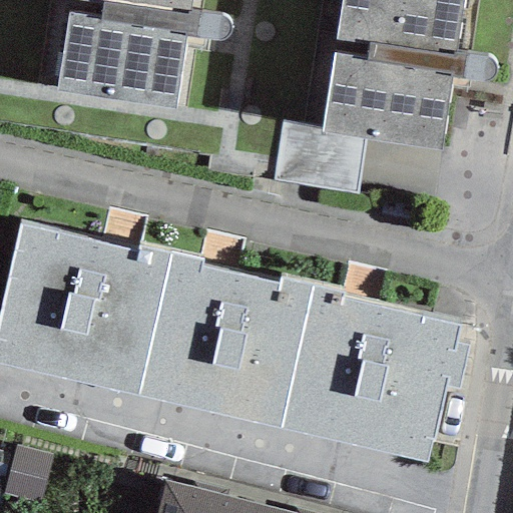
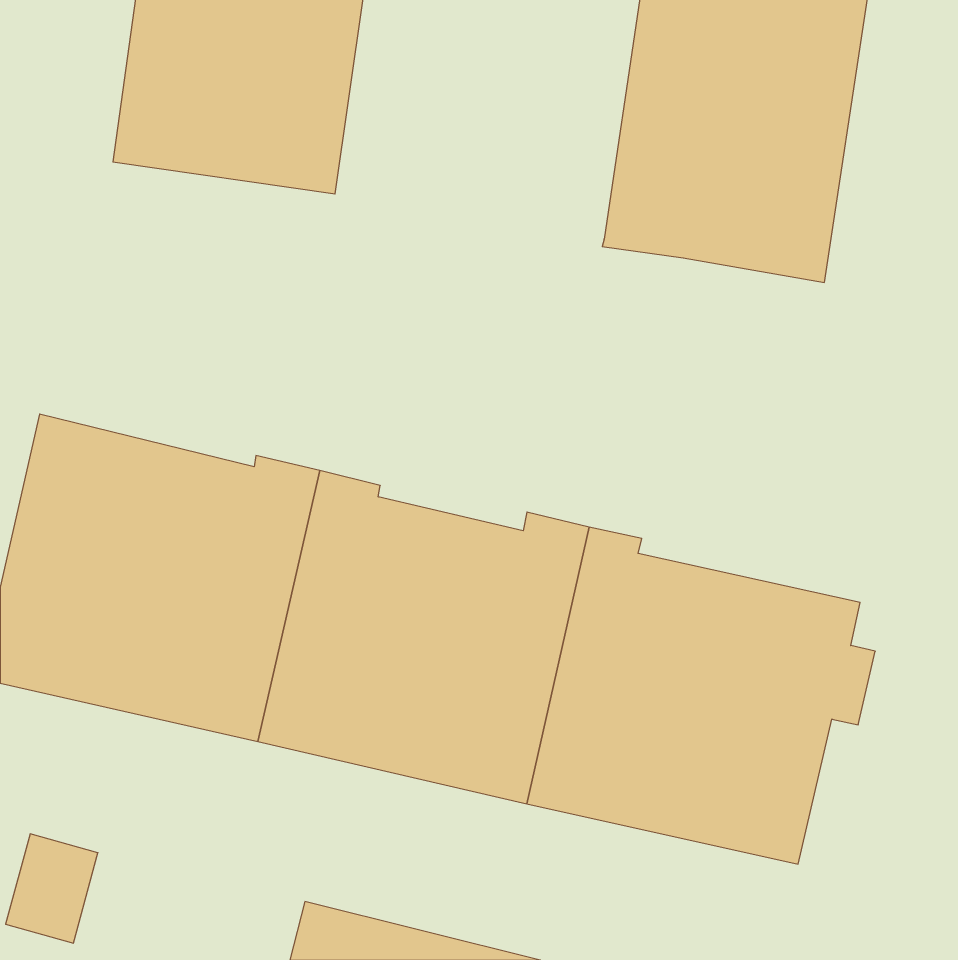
building: [275,121,366,191] -> none

